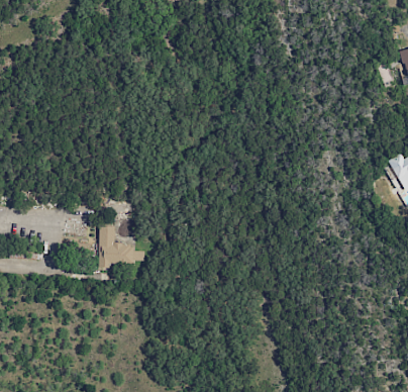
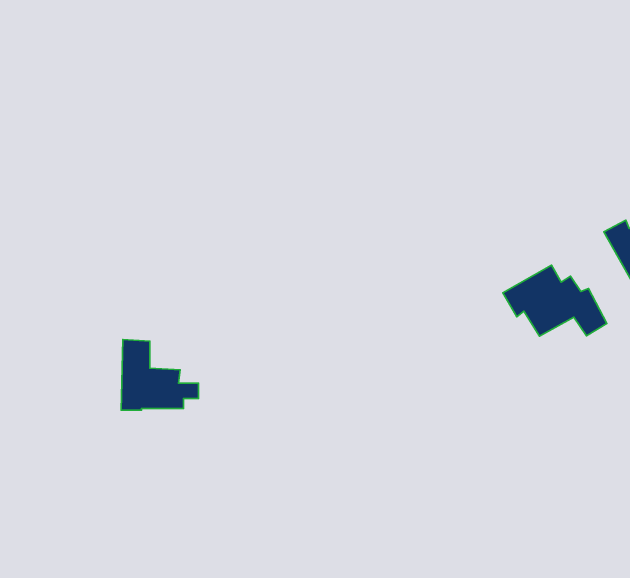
building: none -> [503,265,607,336]

